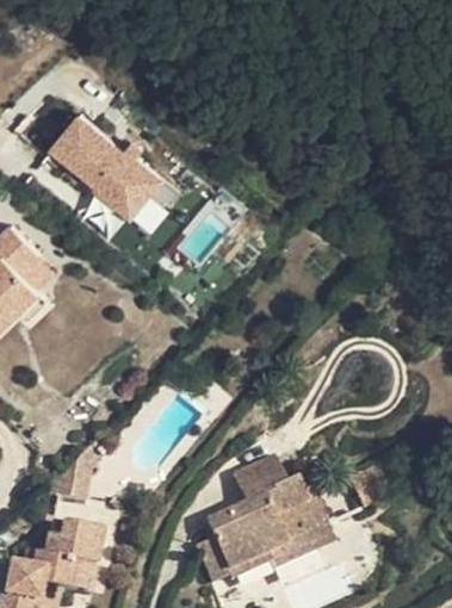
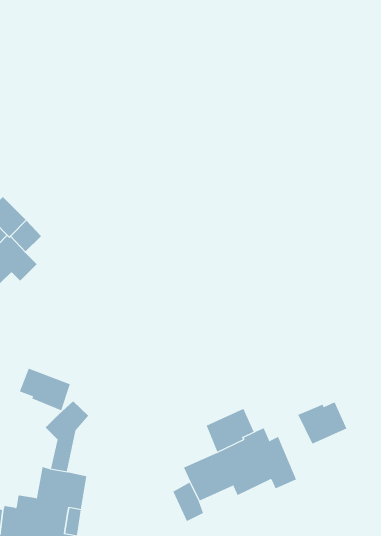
building: [50,116,166,218] -> none
building: none -> [19,368,70,411]
building: none -> [297,401,347,445]

